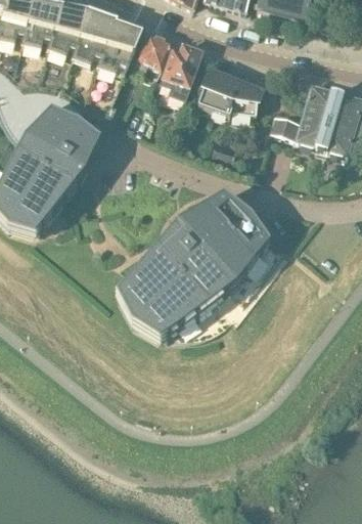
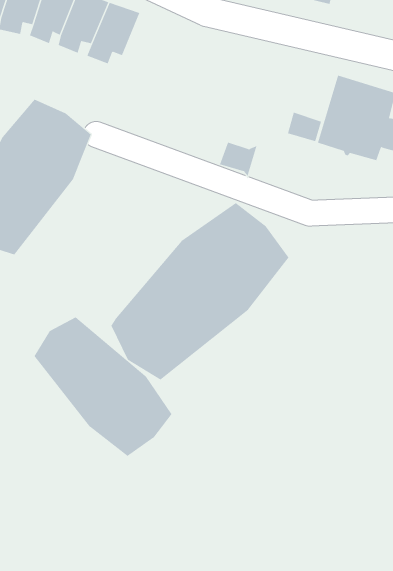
building: [132,28,171,66] -> none
building: [160,40,202,97] -> none
building: [196,66,258,123] -> none
building: none -> [34,316,172,457]

